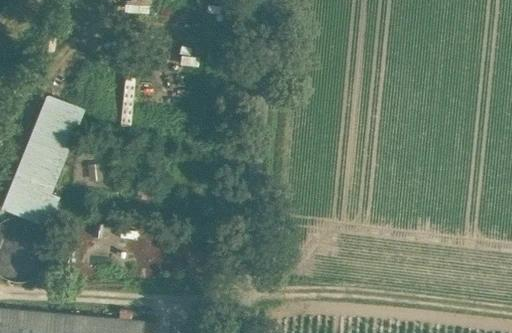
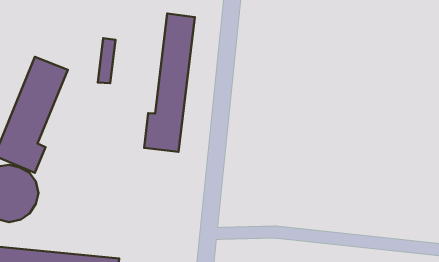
building: none -> [144,14,195,152]

